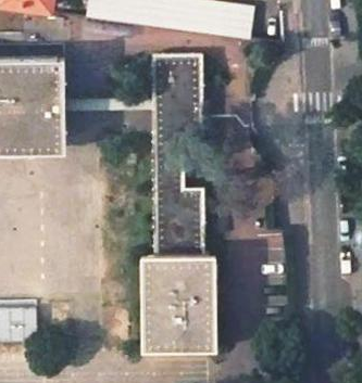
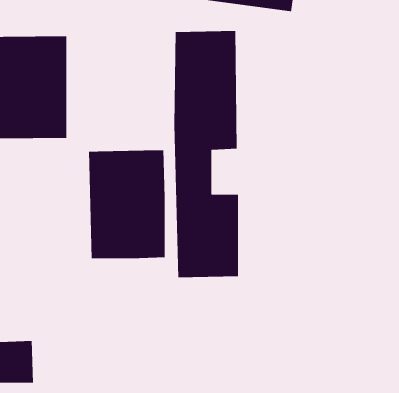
building: [147,256,210,345] -> [88,150,165,259]

